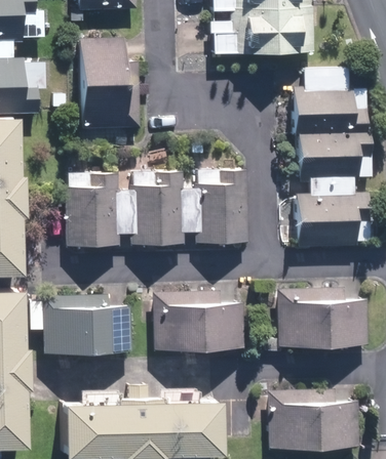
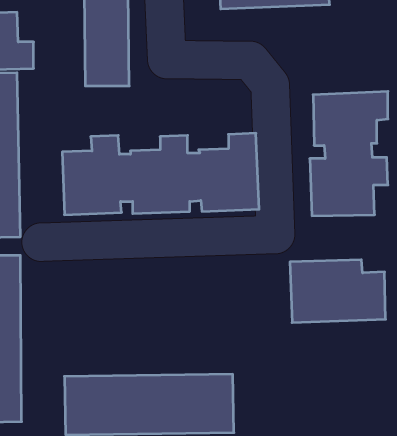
building: [297,71,369,137] -> none
building: [153,294,243,352] -> none
building: [43,296,130,354] -> none
building: [268,392,357,451] -> none

